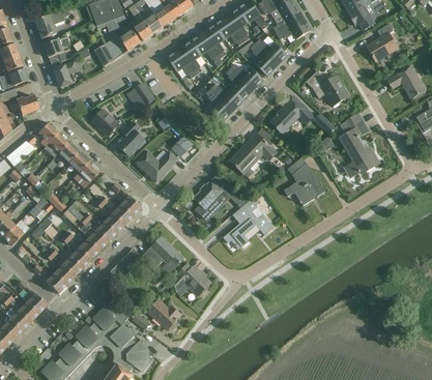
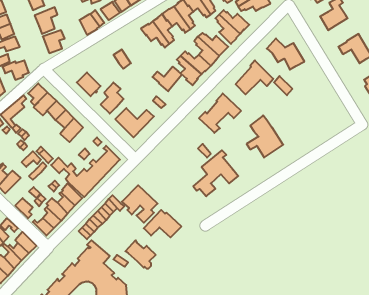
building: none -> [152,67,182,91]
building: [340,113,379,176] -> none
building: [194,179,224,212] -> none

